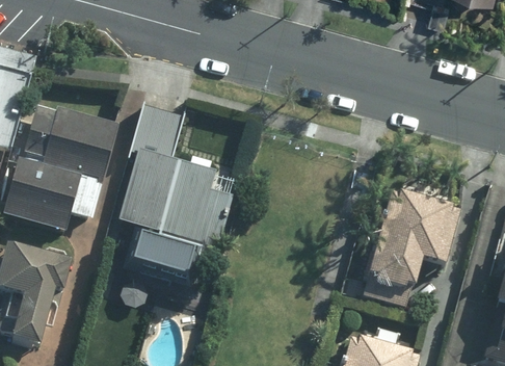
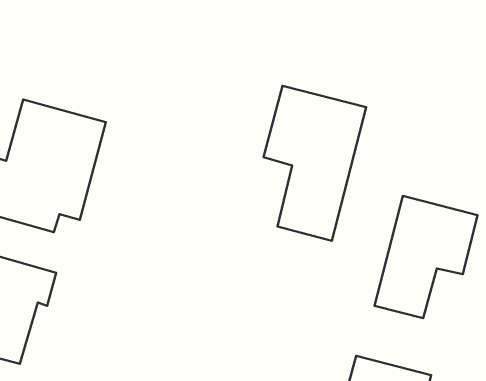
building: none -> [264,86,366,241]
building: [121,103,234,281] -> none

